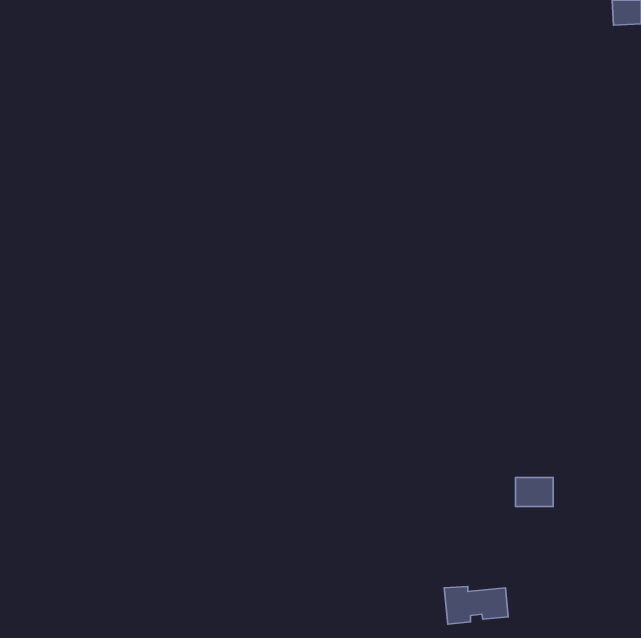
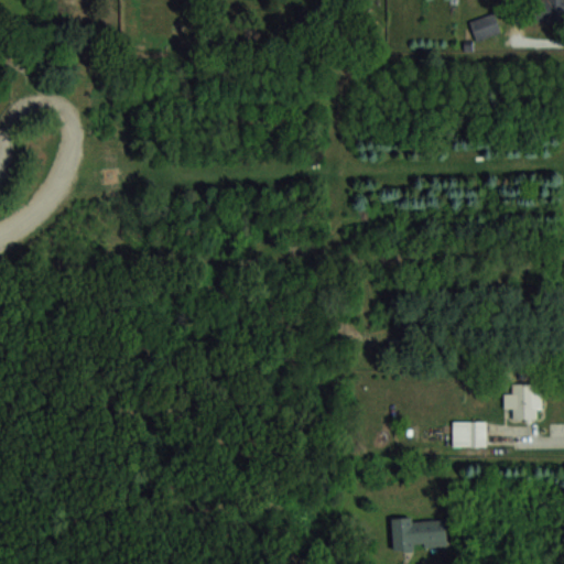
building: none -> [470,14,501,42]
building: none -> [503,386,540,419]

